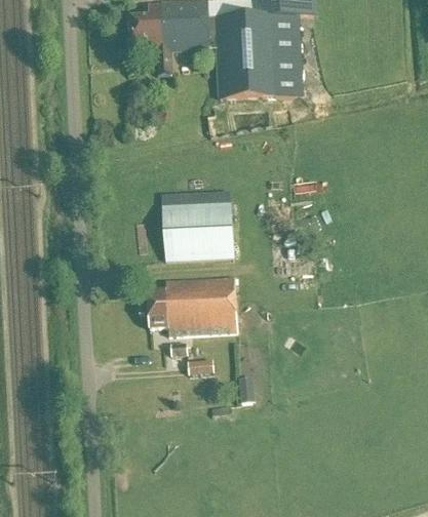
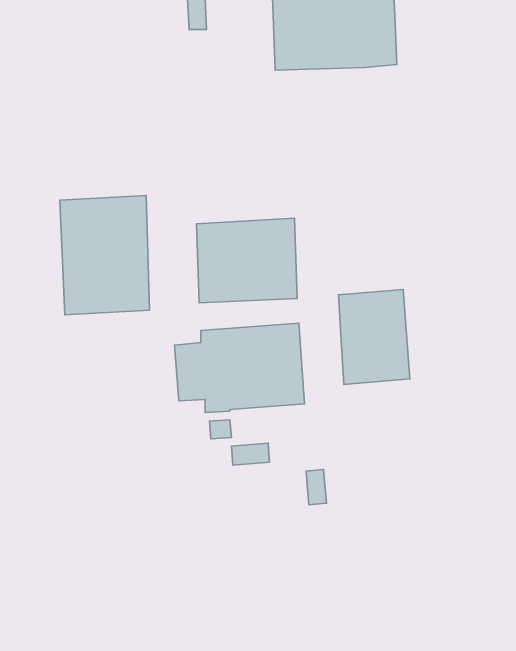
building: none -> [60,195,150,315]
building: none -> [338,289,410,384]

